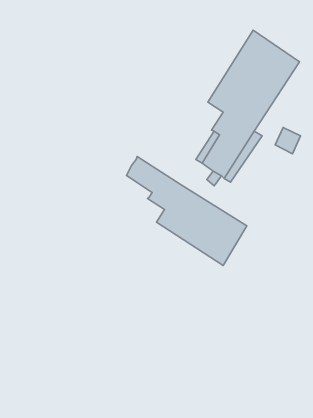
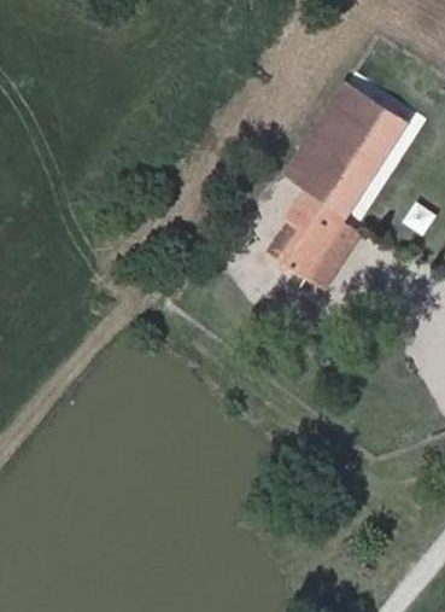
building: [126,156,247,265] -> none

